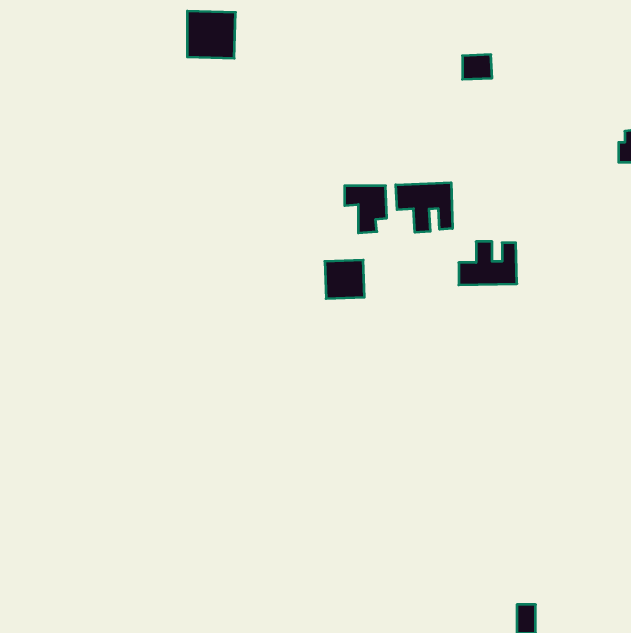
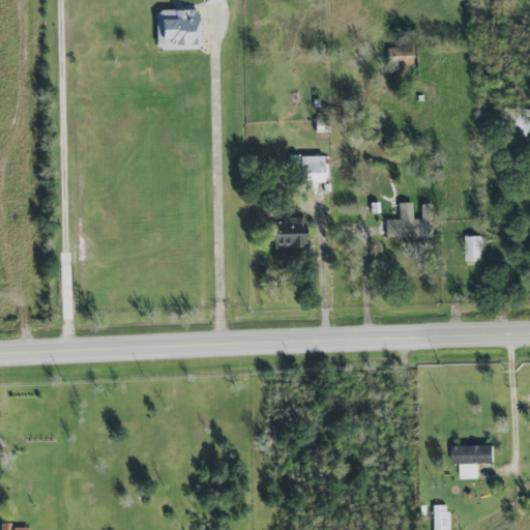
building: [396,183,452,232] -> none
building: none -> [466,236,483,262]
building: none -> [453,445,495,480]

